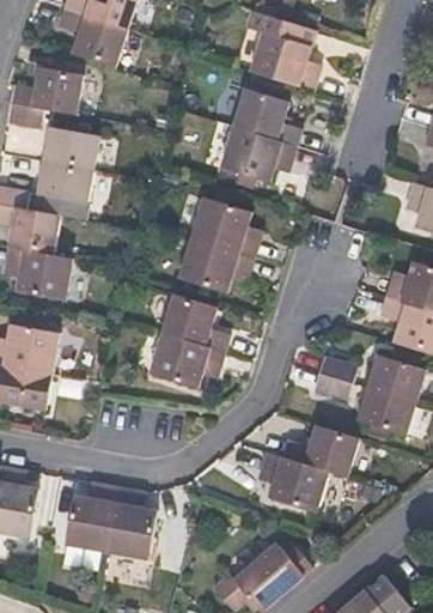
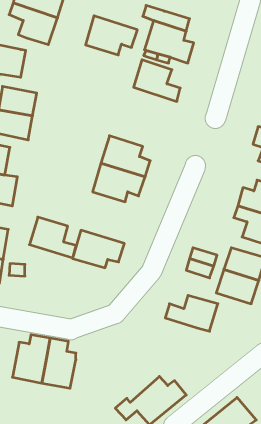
building: [224,127,298,183] -> [86,16,137,55]
building: [160,292,227,351] -> [29,217,76,258]
building: [256,451,327,509] -> none

